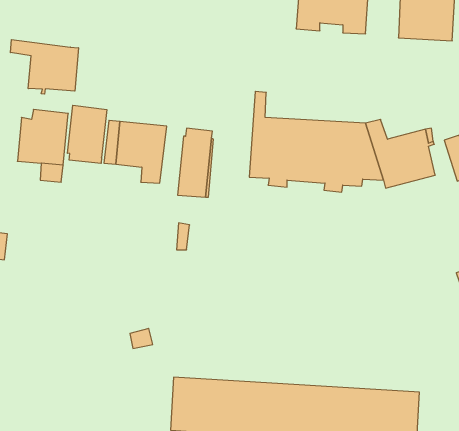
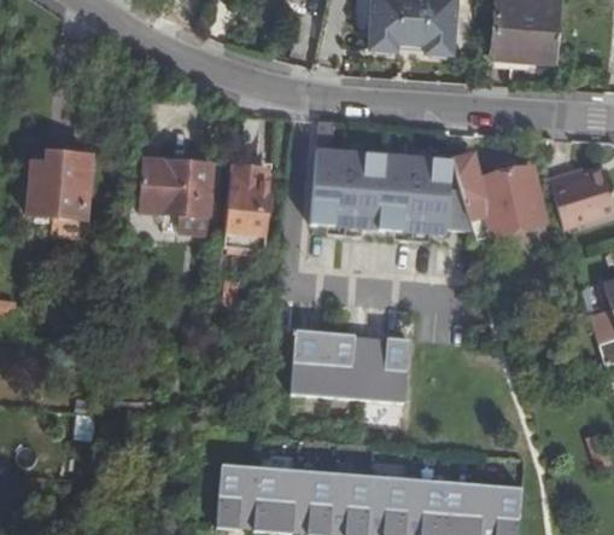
building: [10,40,78,94] -> none
building: [67,105,107,163] -> none
building: none -> [290,333,408,400]

